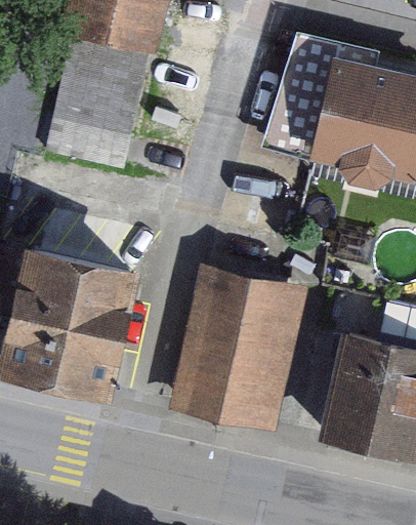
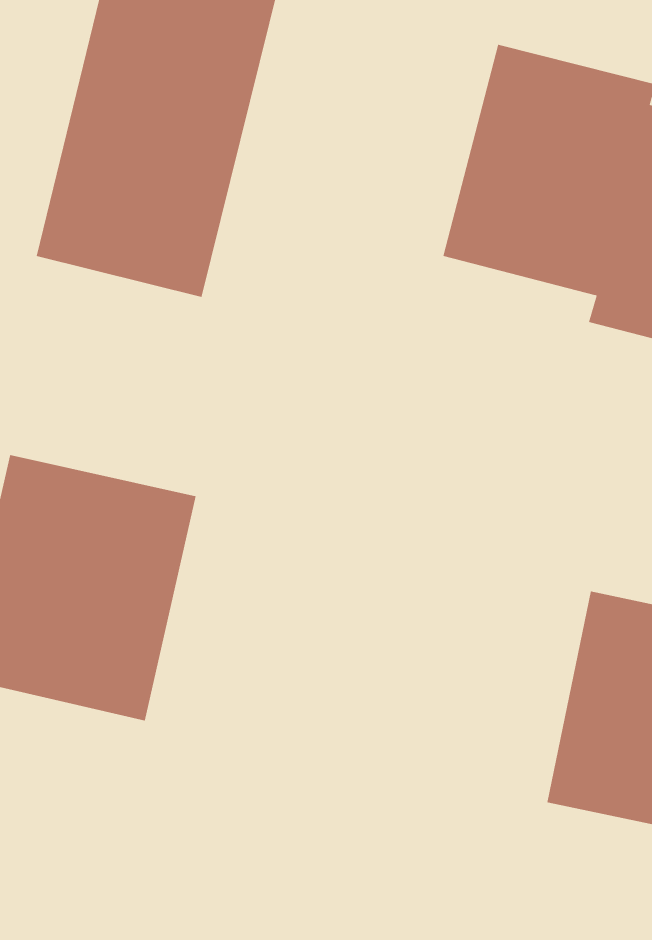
building: [171,271,300,429] -> none

